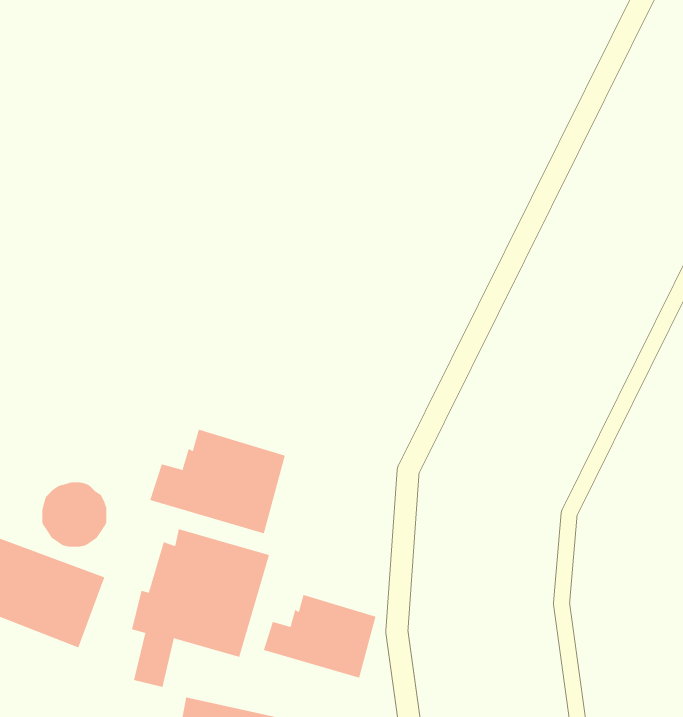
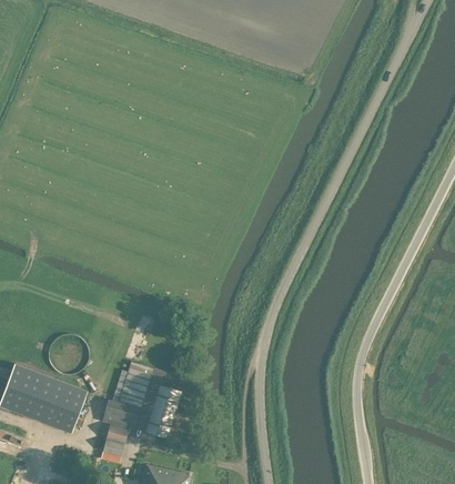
building: [149,429,285,534] -> none
building: [263,594,376,679] -> none

